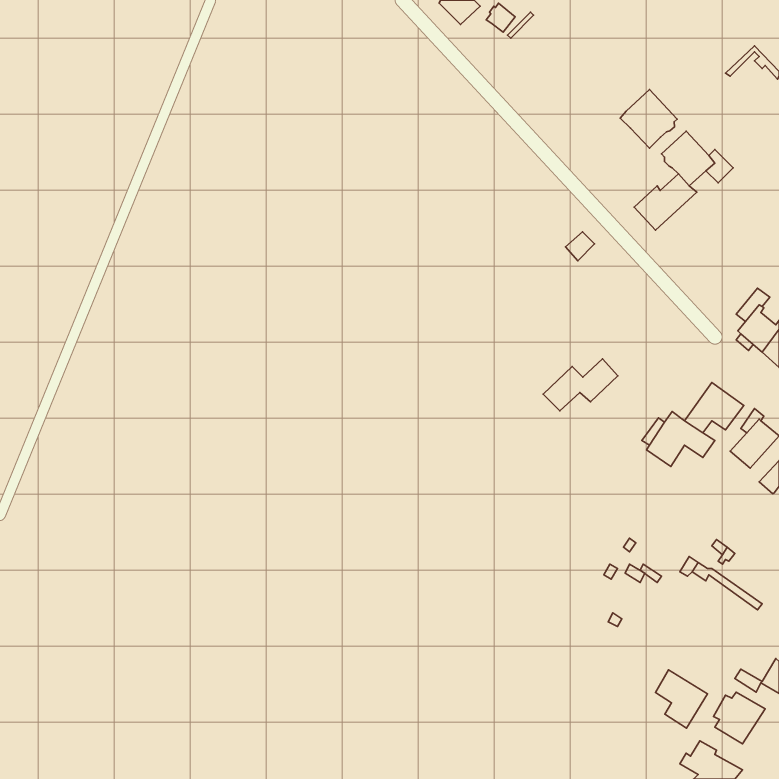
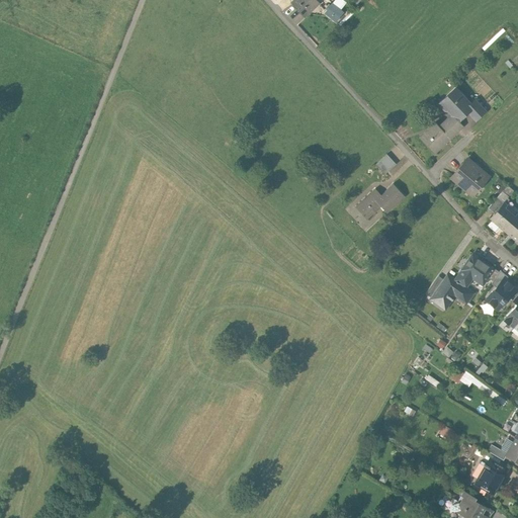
building: [620,89,677,148] -> none
building: none -> [450,157,493,199]
building: [543,359,618,411] -> [355,183,405,218]
building: [655,670,707,728] -> none

